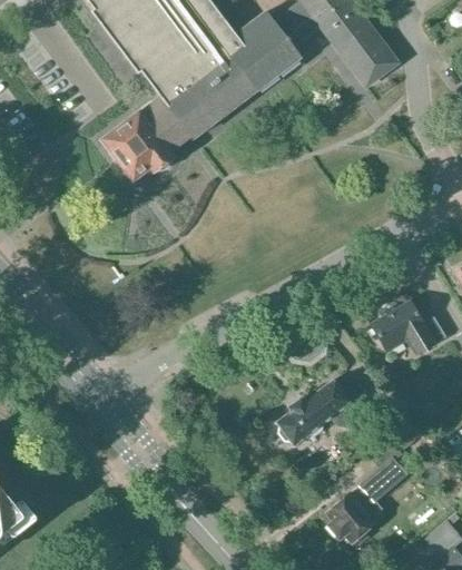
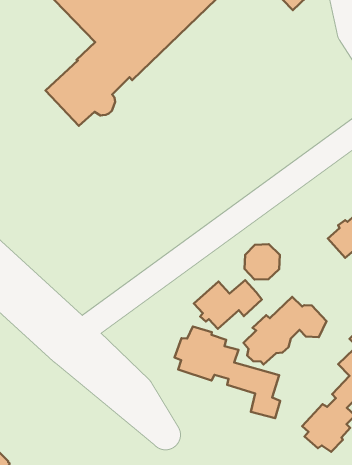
building: none -> [194,280,262,329]
building: none -> [174,326,280,418]

